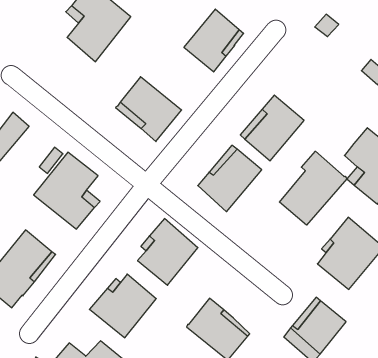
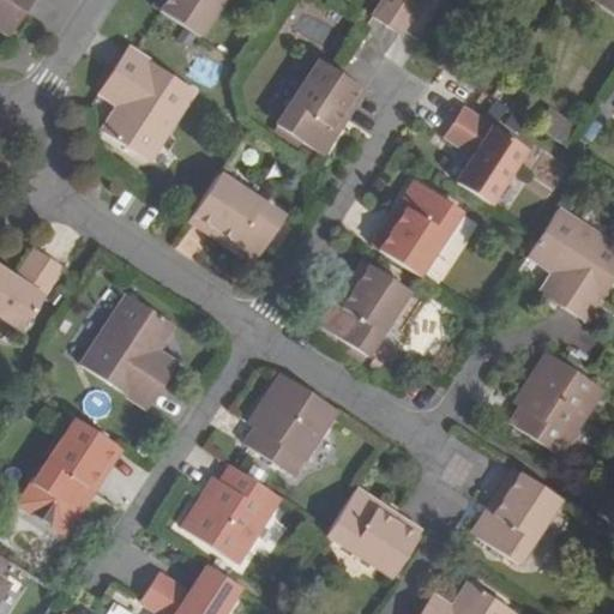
building: none -> [445,109,528,204]
building: [279,151,347,225] -> none

